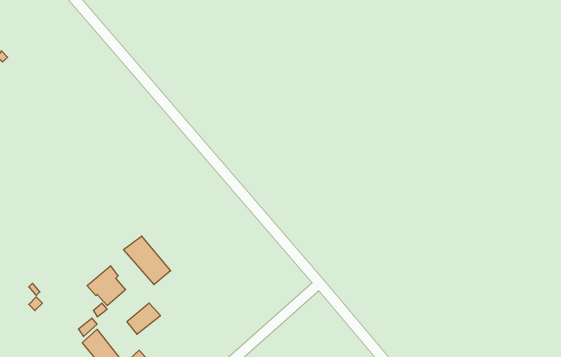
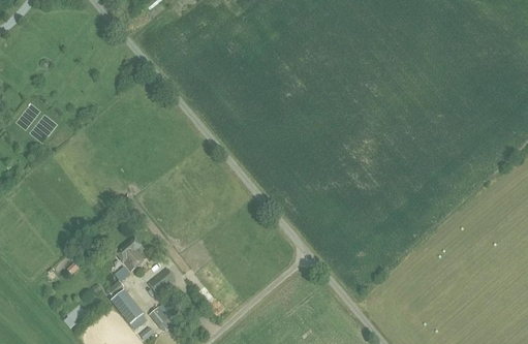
building: [124,236,171,285] -> none

